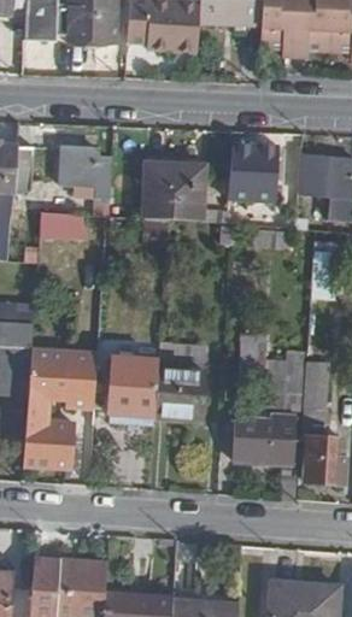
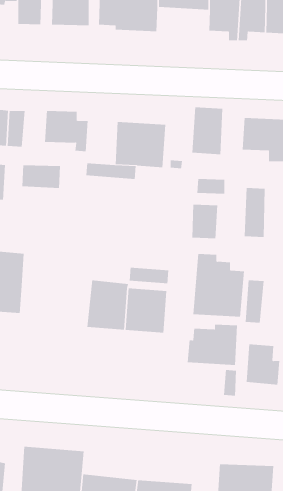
building: none -> [192,204,218,239]
building: [69,348,99,407] -> none
building: [24,360,77,463] -> none

